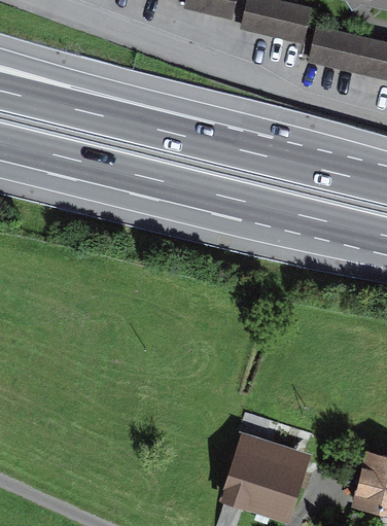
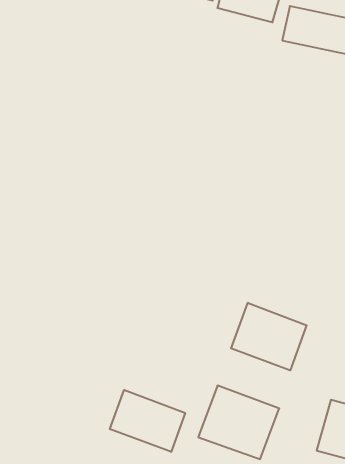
building: none -> [231,303,307,370]
building: none -> [110,390,185,452]

